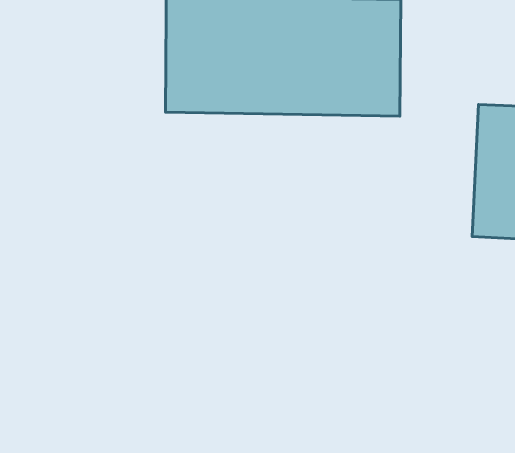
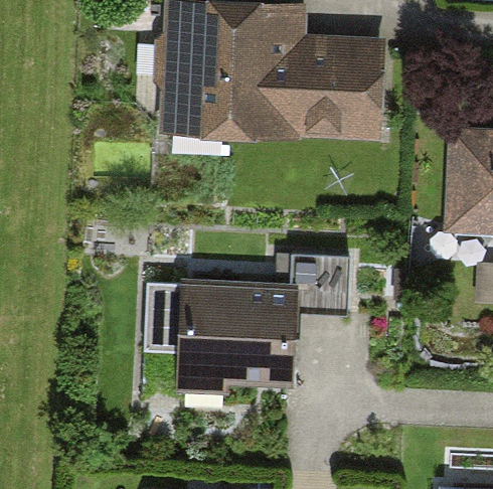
building: none -> [177,247,352,390]

